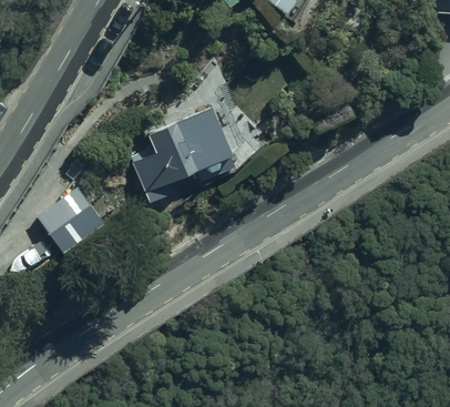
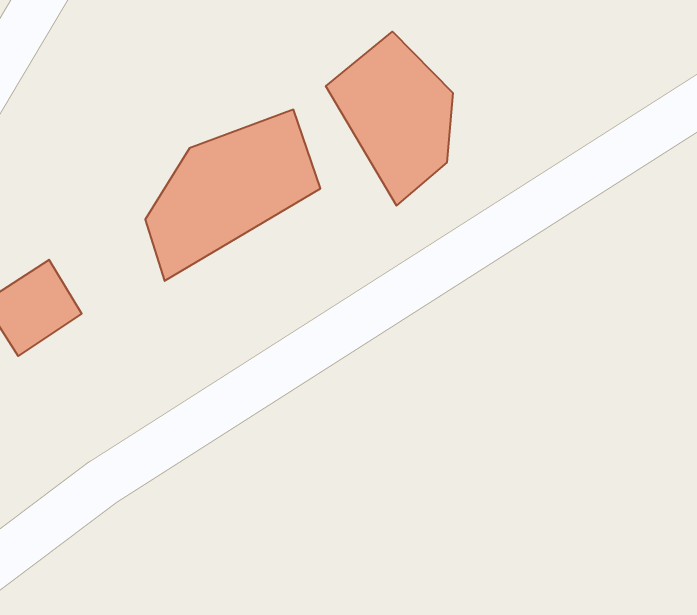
building: none -> [326,32,453,206]

